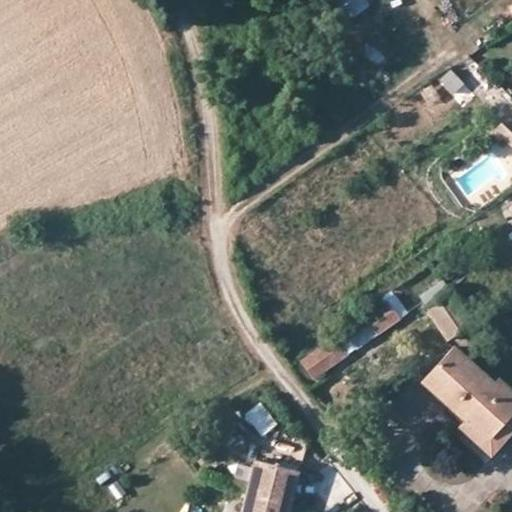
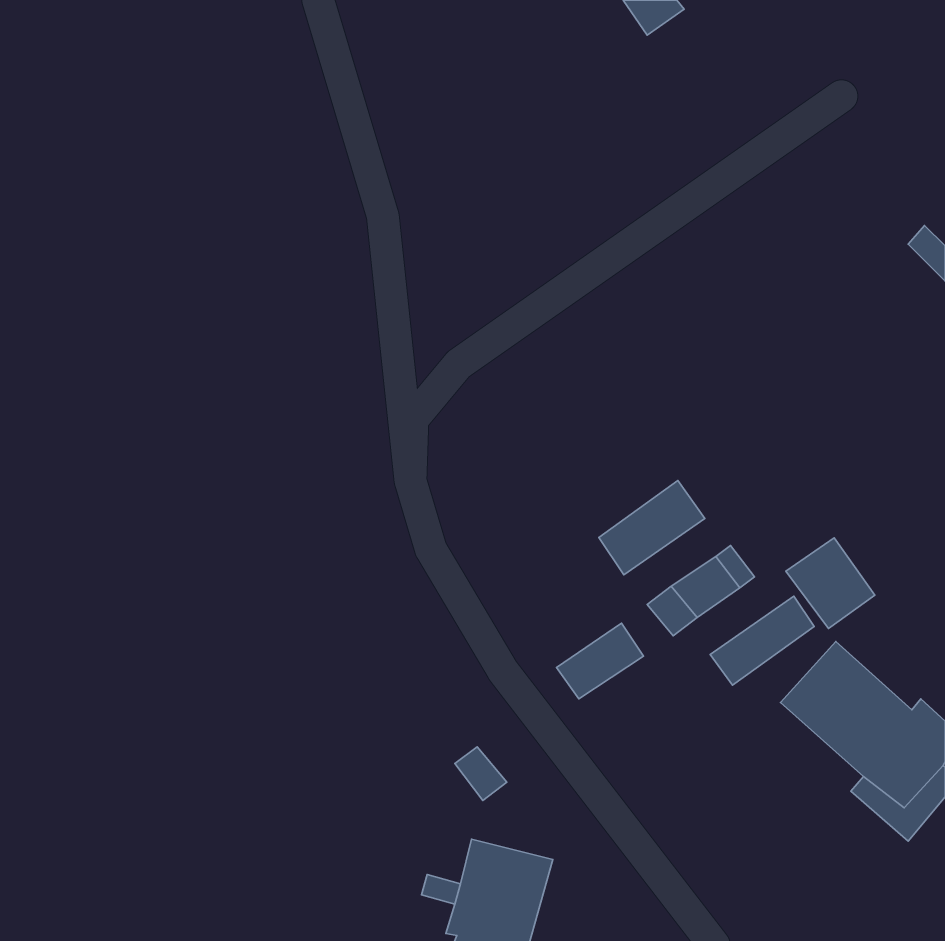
building: none -> [599,480,705,575]
building: none -> [710,596,814,685]

